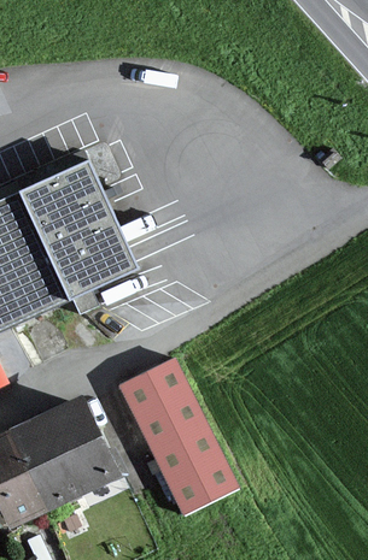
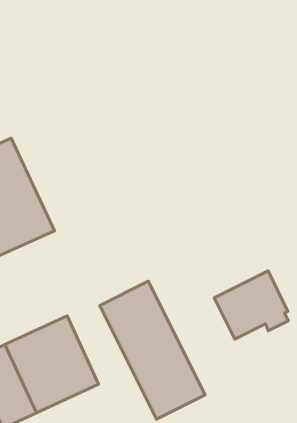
building: [17,161,135,300] -> none
building: none -> [214,271,288,339]

